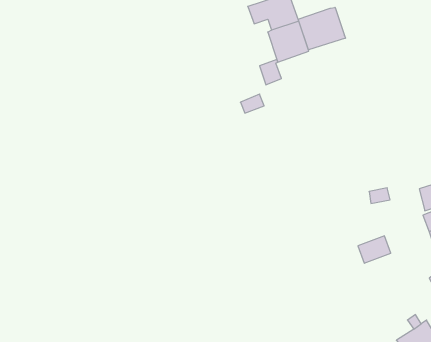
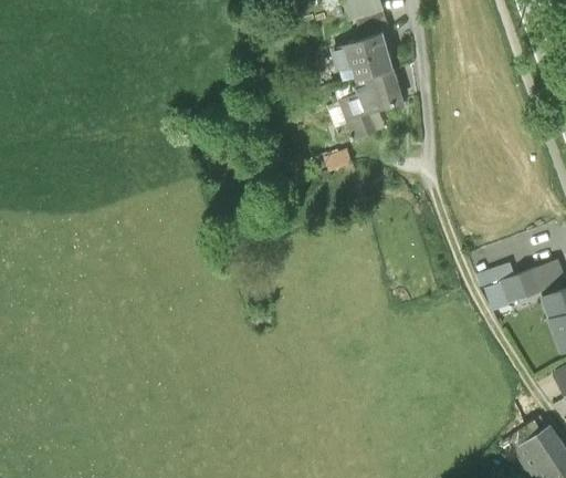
building: [298,7,345,50] -> none
building: [358,236,391,263] -> [503,271,543,304]

